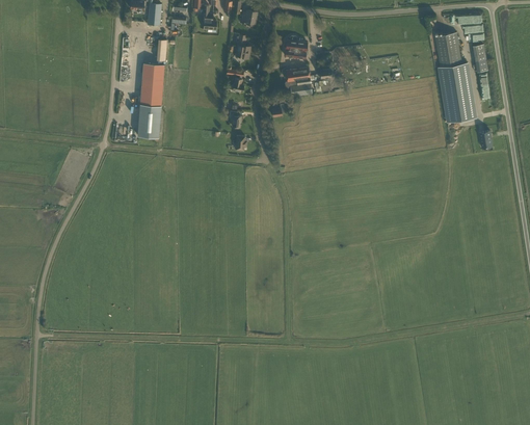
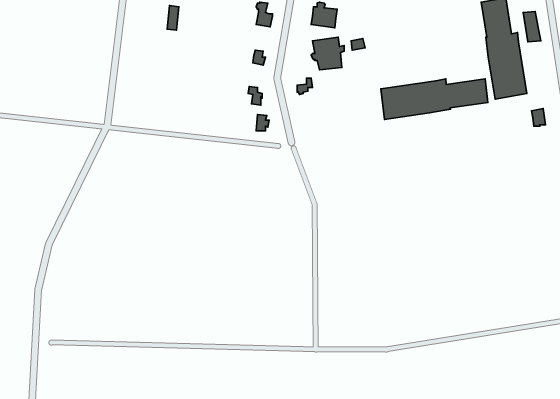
building: [136,63,163,138] -> none
building: none -> [381,79,488,119]

